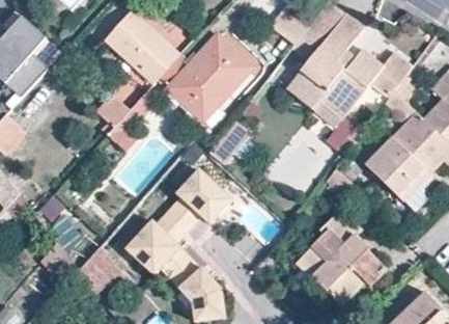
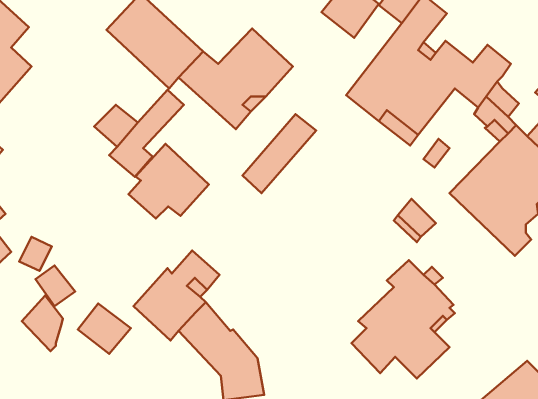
building: [170,168,231,225] -> [129,144,209,219]

